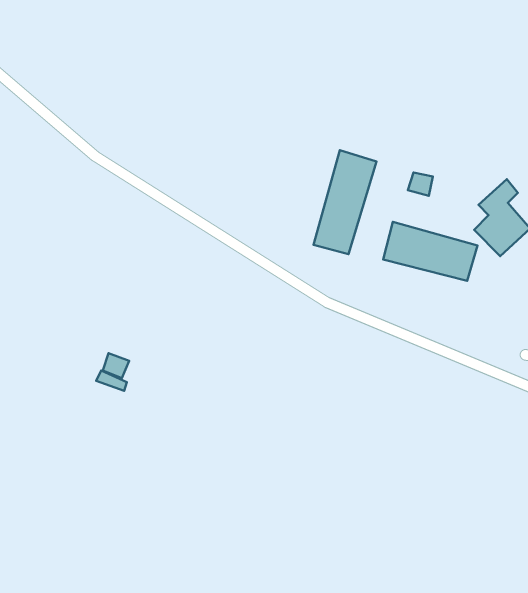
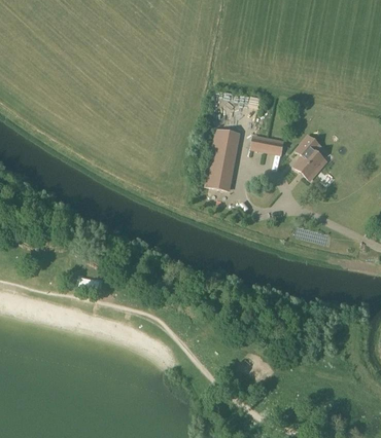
building: [383,222,477,281] -> none

